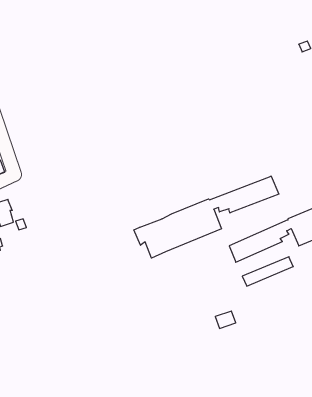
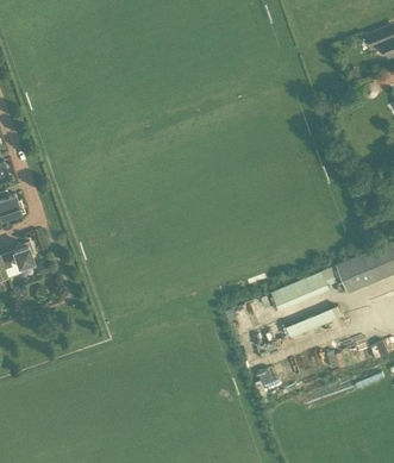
building: [134,176,279,258] -> none

